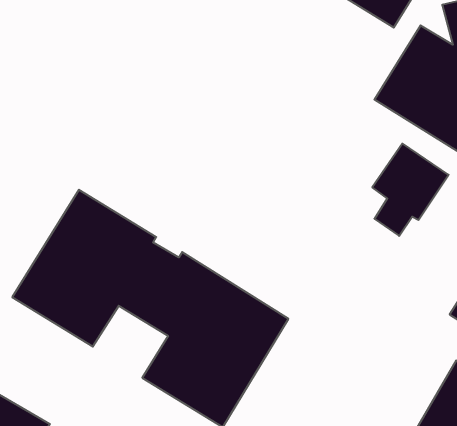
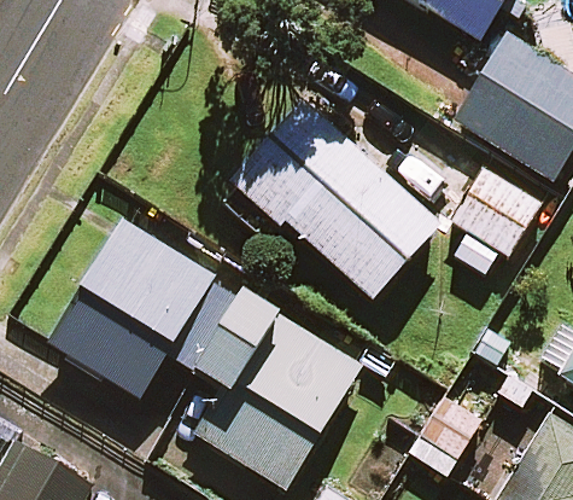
building: none -> [233,101,440,298]

